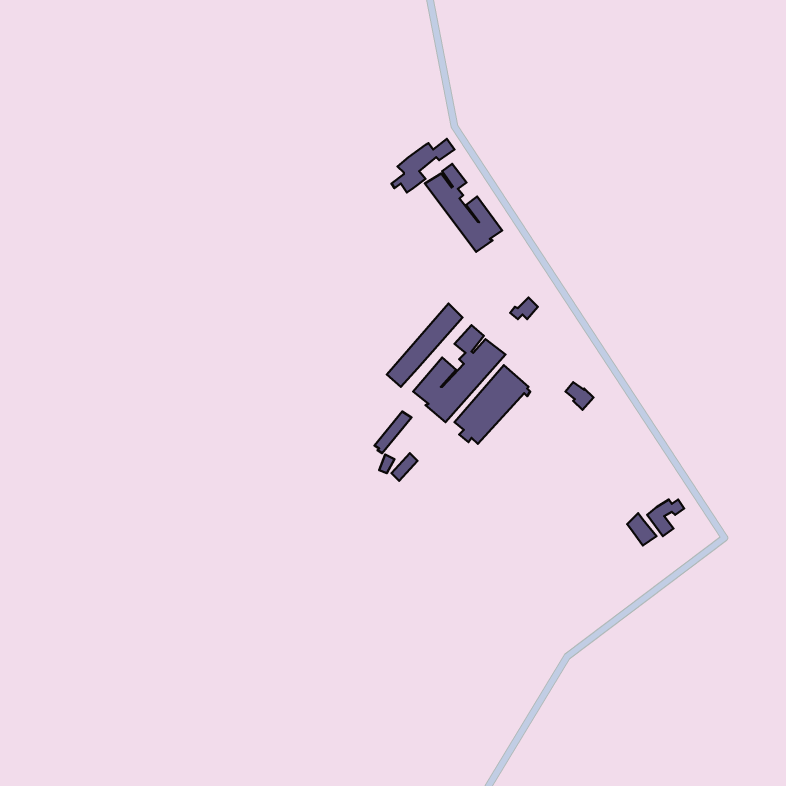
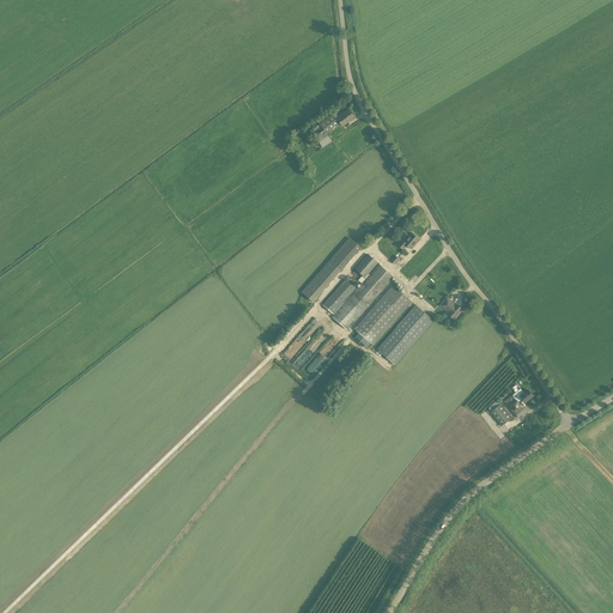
building: [425,164,502,252] -> none
building: none -> [376,304,432,364]

